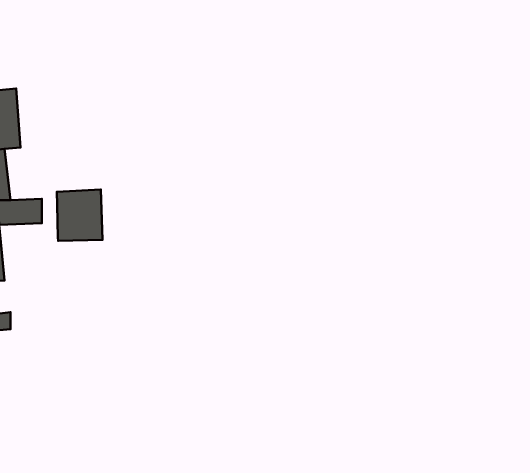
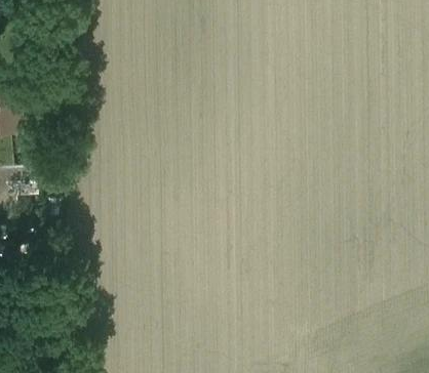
building: [57,190,103,241] -> none

